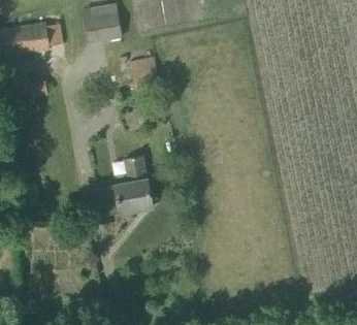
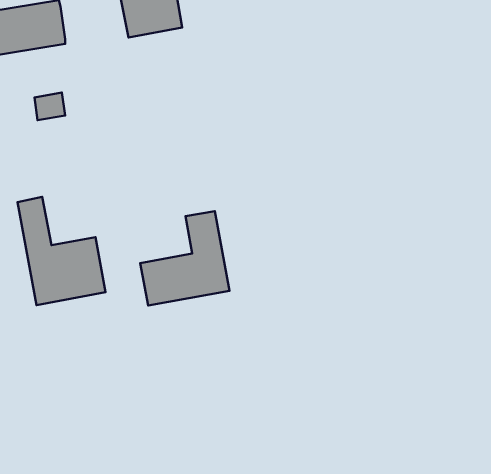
building: [130,57,160,83] -> none
building: none -> [18,197,105,305]

